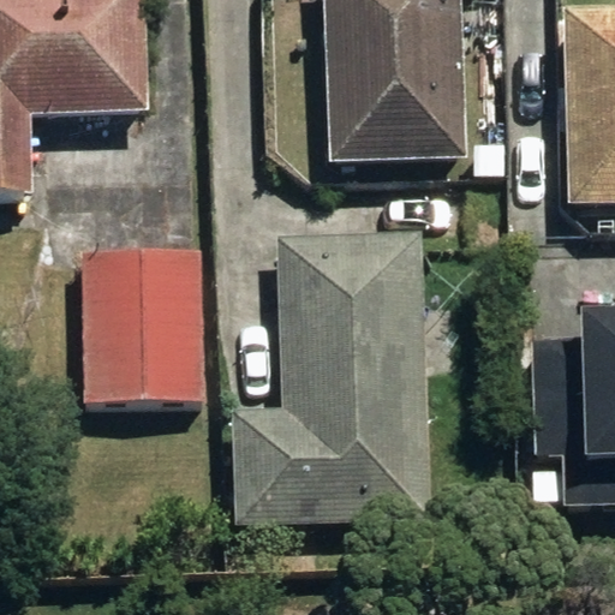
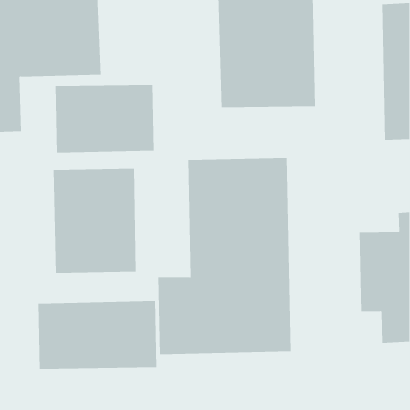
building: none -> [55,84,154,154]
building: none -> [38,300,157,370]

